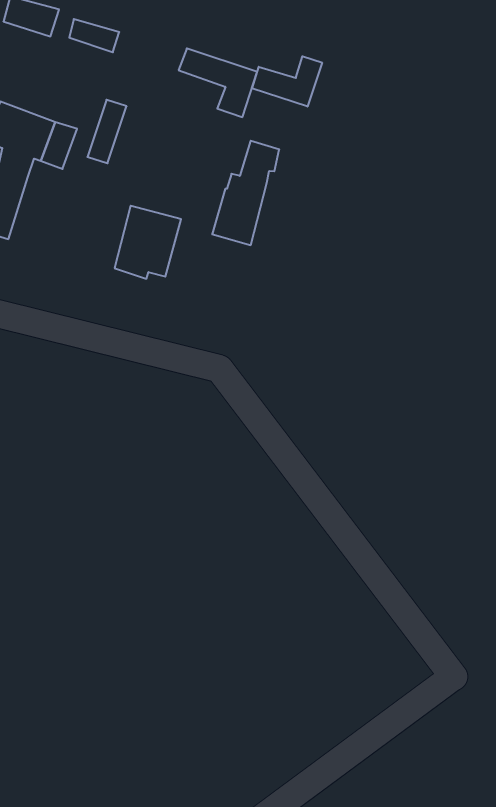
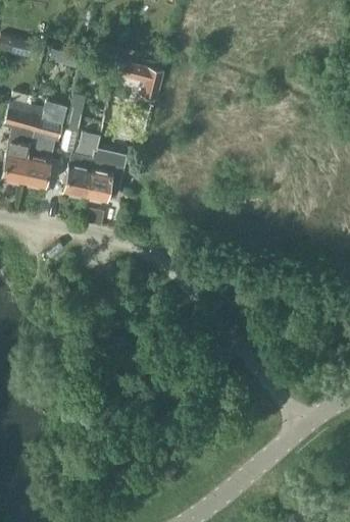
building: [252,56,322,107] -> none
building: [212,141,279,245] -> [62,134,99,196]
building: none -> [21,145,51,187]

